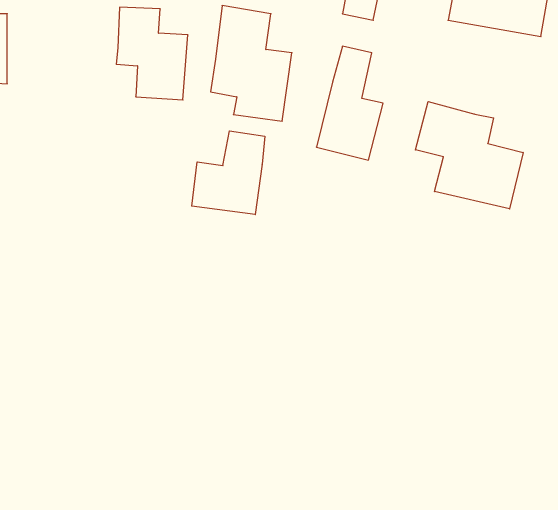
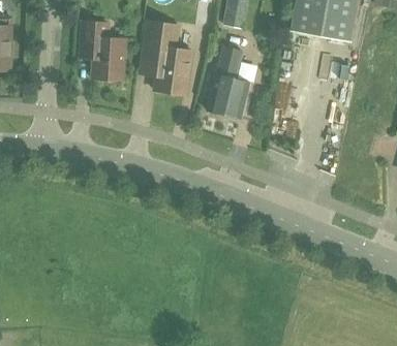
building: [415,102,523,209] -> none
building: [192,131,265,215] -> none

